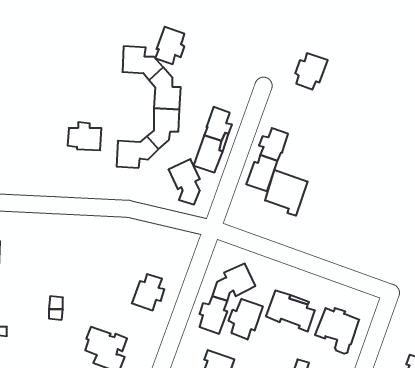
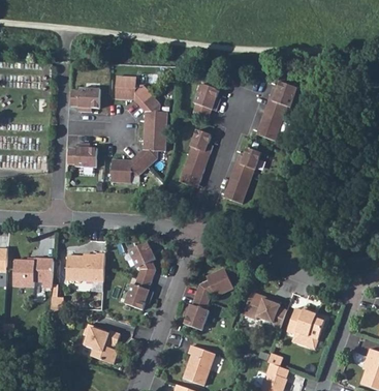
building: [155,27,184,64] -> [192,84,218,117]
building: none -> [69,88,99,112]
building: none -> [255,109,283,141]
building: [168,159,200,205] -> [127,241,155,281]
building: [265,170,308,216] -> none
building: none -> [65,253,104,281]
building: none -> [12,259,52,288]
building: [229,299,263,340] -> none

